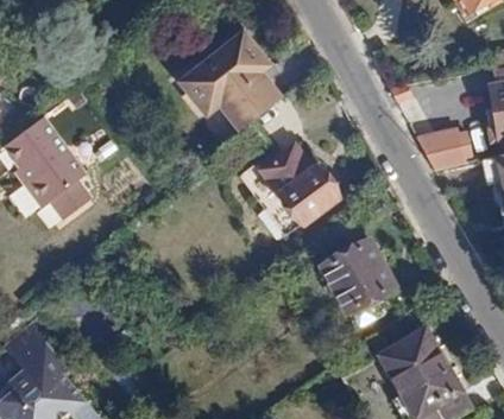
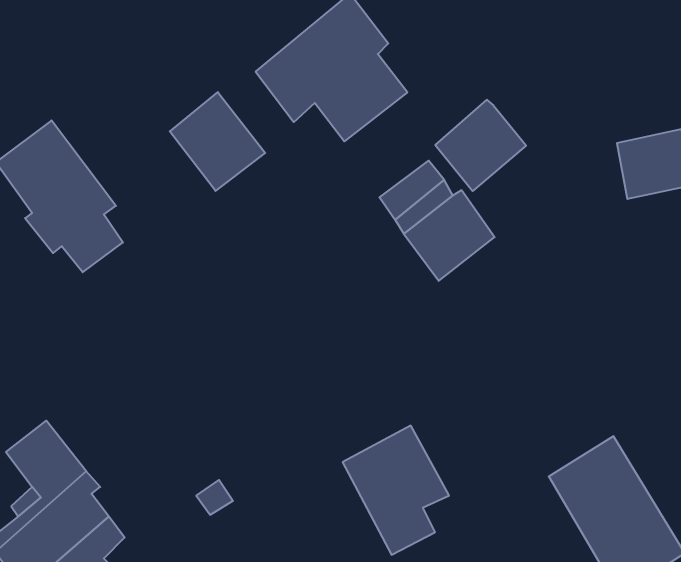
building: none -> [170,92,265,191]
building: none -> [435,100,526,191]
building: [319,239,391,326] -> [343,426,449,555]

